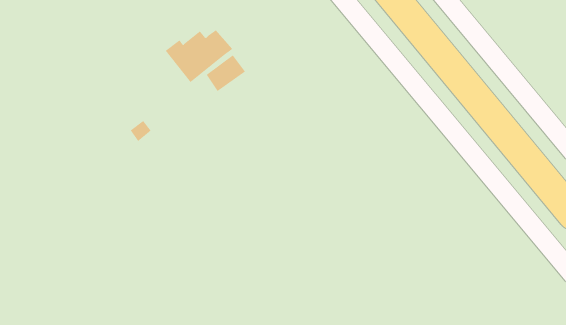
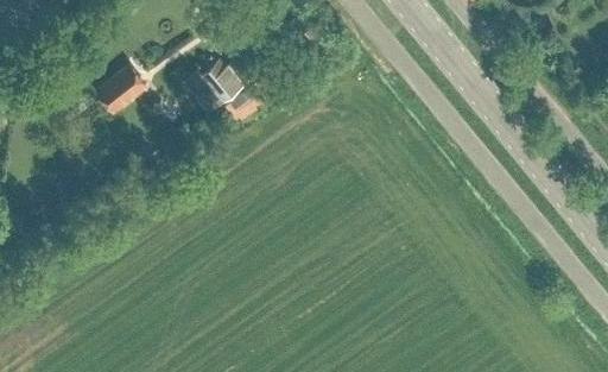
building: none -> [96,67,146,114]

